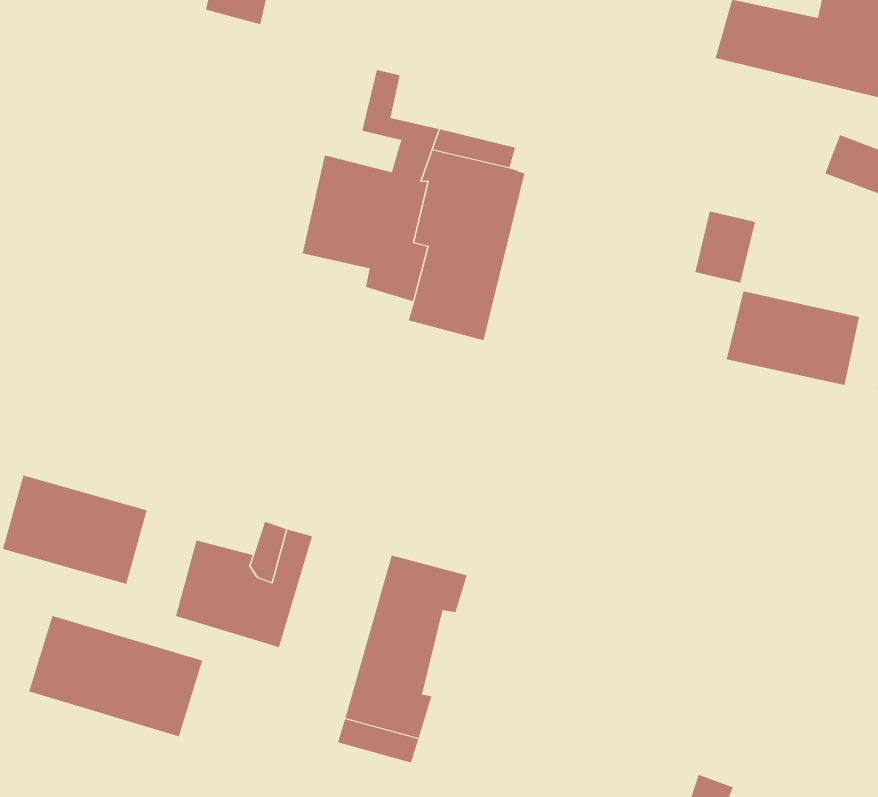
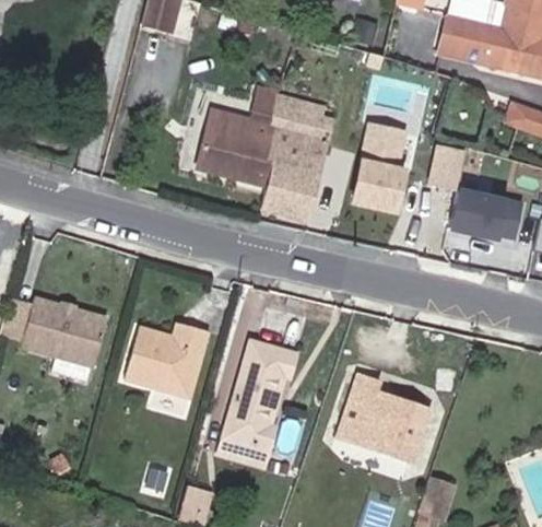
building: none -> [344,122,406,208]
building: none -> [349,376,429,464]
building: [28,615,203,737] -> none

